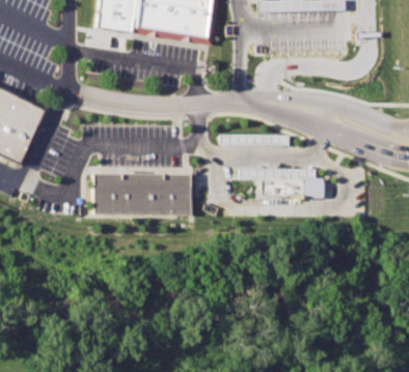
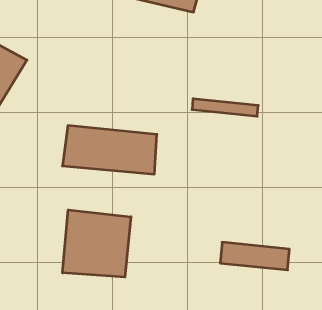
building: [254,175,325,198] -> [220,242,289,270]
building: none -> [63,210,131,277]

